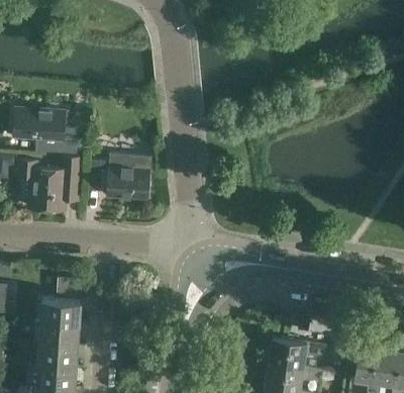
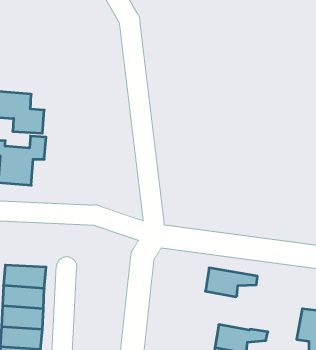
building: [87,155,153,200] -> none
building: [269,337,325,369] -> [205,268,257,297]

